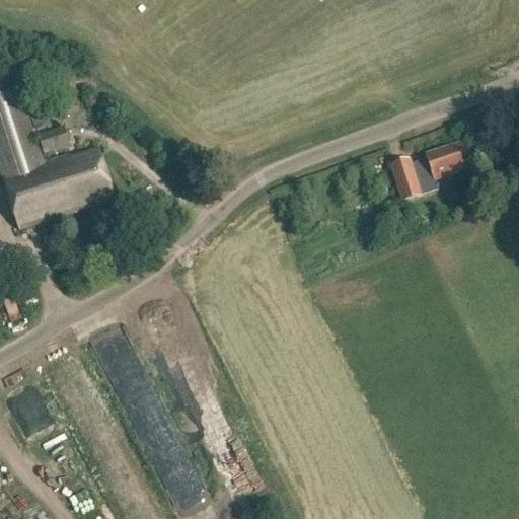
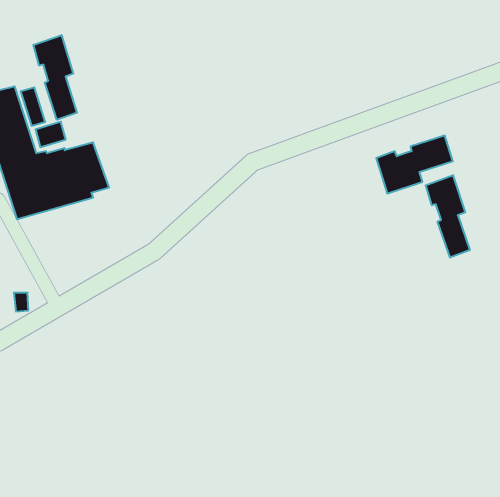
building: none -> [33,35,77,120]
building: none -> [426,175,470,258]

